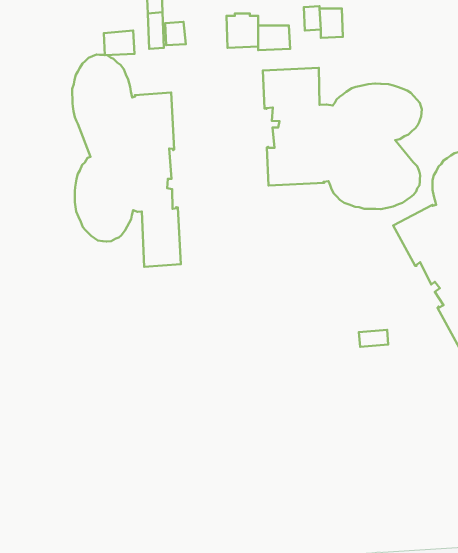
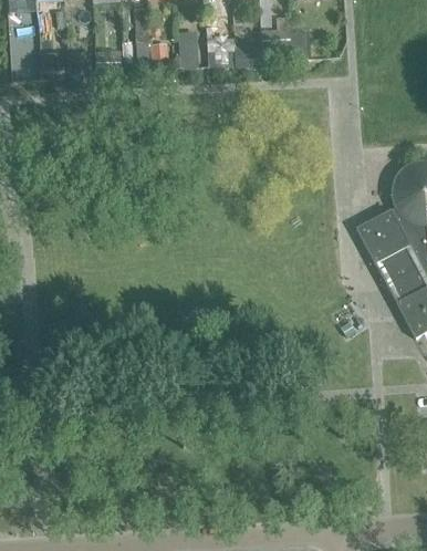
building: none -> [177,31,197,67]
building: [72,54,181,267] -> none
building: [263,68,422,209] -> none

